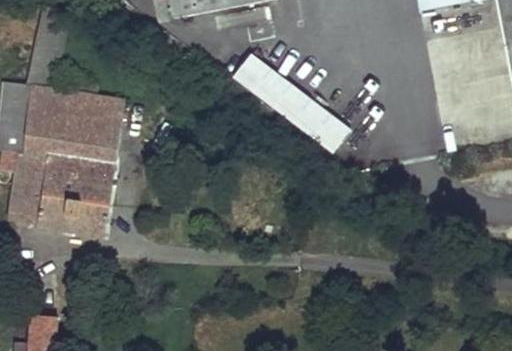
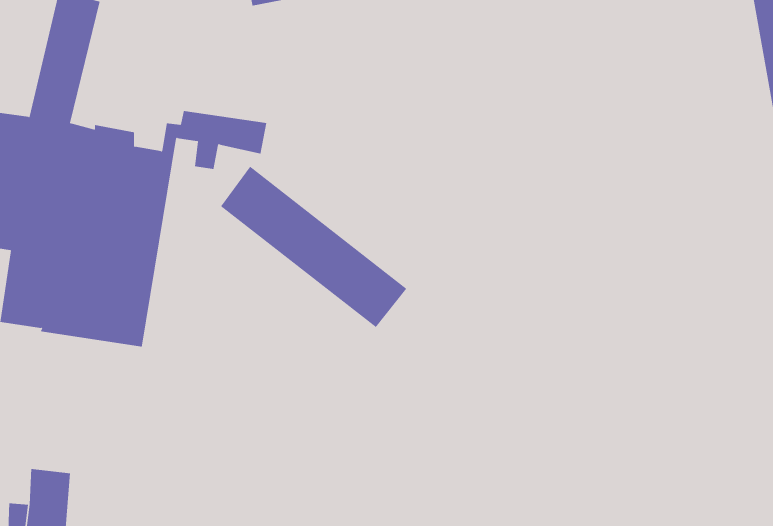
building: [231,47,351,151] -> [220,166,407,328]

